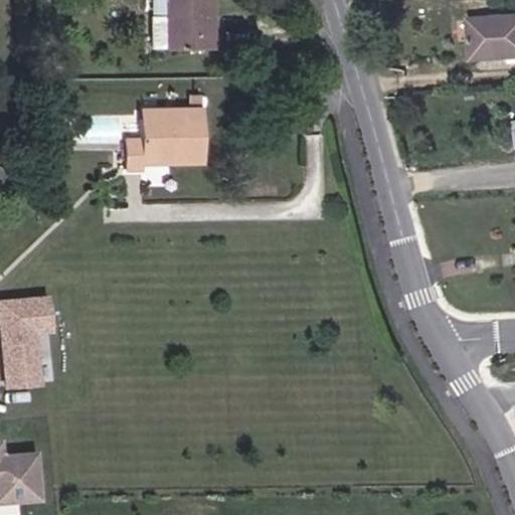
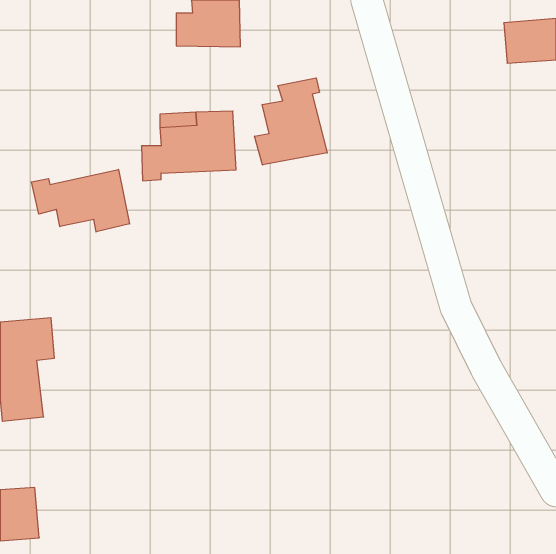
building: none -> [255,78,327,165]
building: none -> [31,169,130,232]

